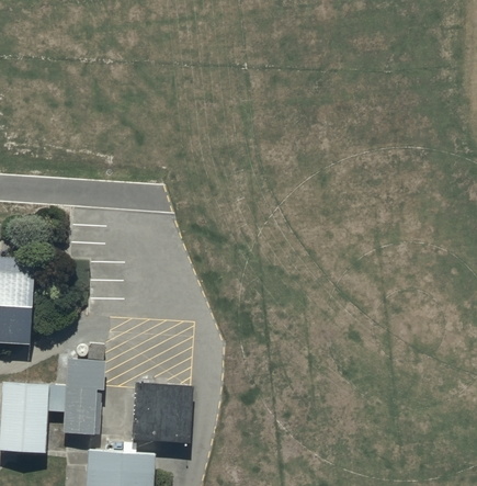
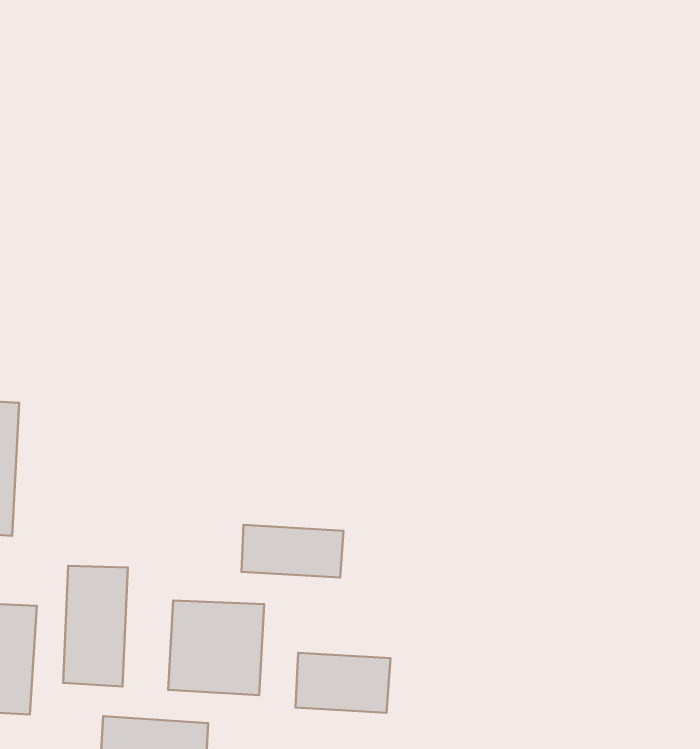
building: none -> [241,525,344,577]
building: none -> [296,653,390,713]

